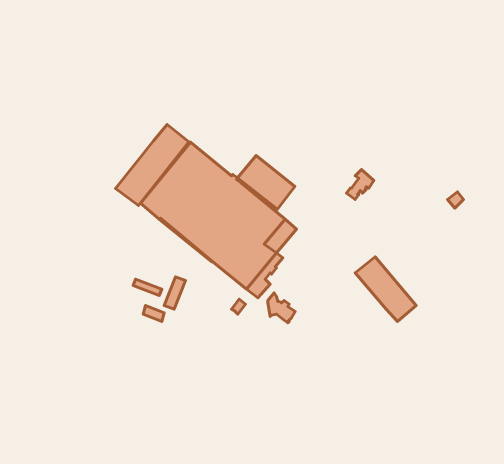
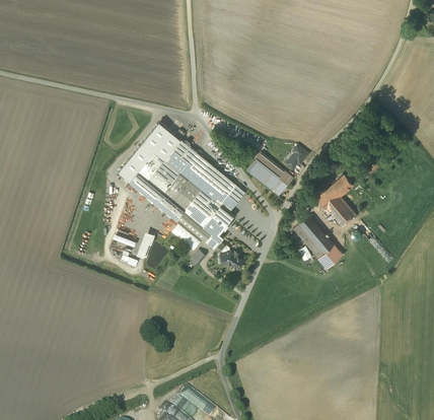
building: [116,125,189,206] -> none
building: [238,155,295,209] -> [245,150,292,194]
building: none -> [316,173,355,224]

